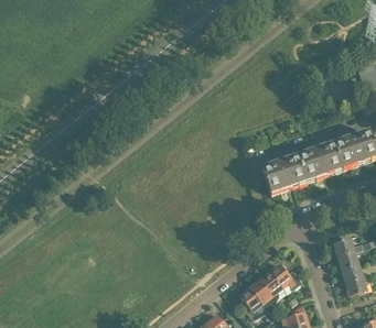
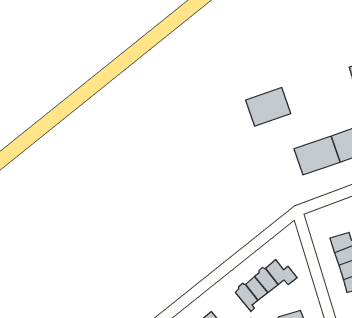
building: [262,156,307,194] -> [246,88,291,126]

